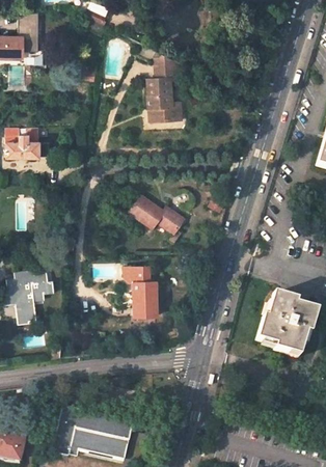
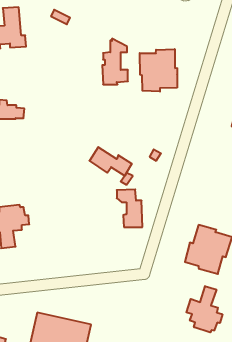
building: none -> [140,49,177,92]
building: [127,265,160,313] -> [117,189,142,227]
building: none -> [186,286,222,332]

